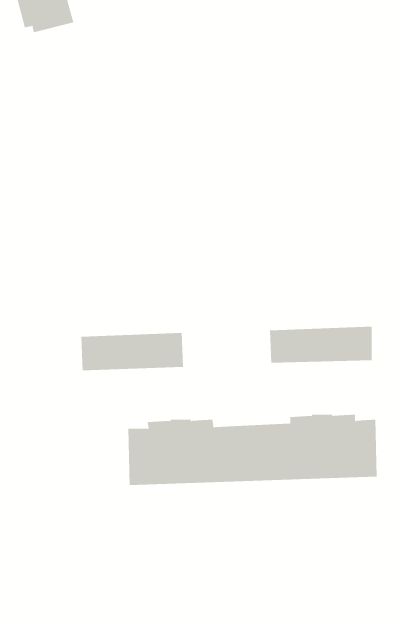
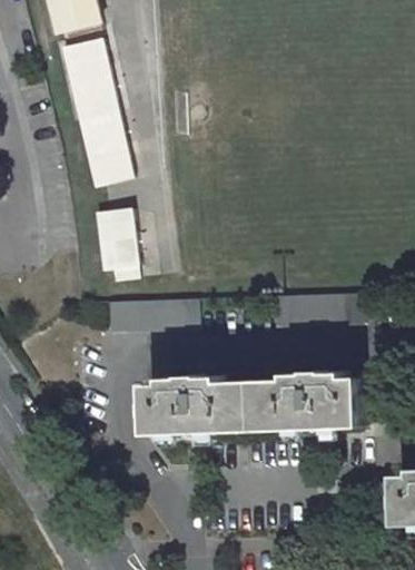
building: none -> [66,40,132,186]
building: none -> [97,209,138,282]

